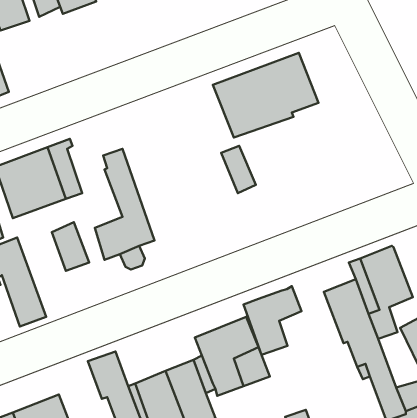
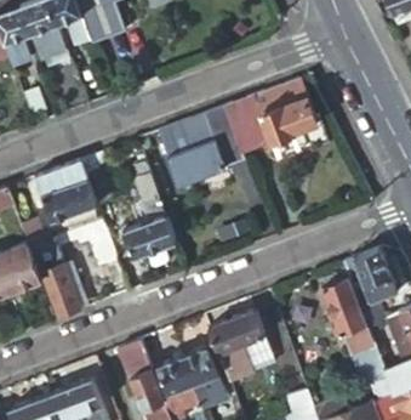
building: none -> [160,107,246,185]
building: [243,286,302,355] -> none

